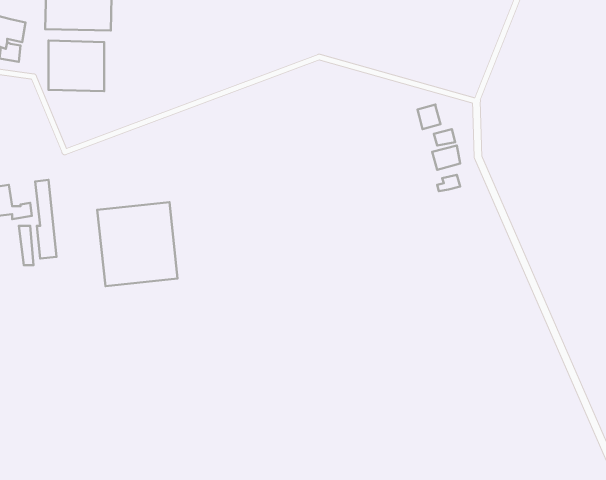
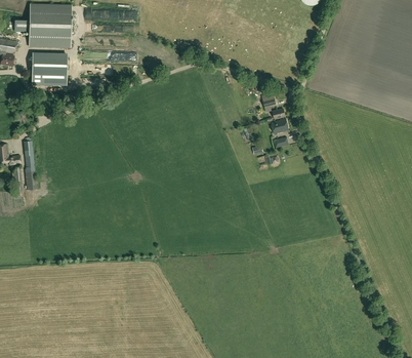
building: [97,202,178,286] -> none

